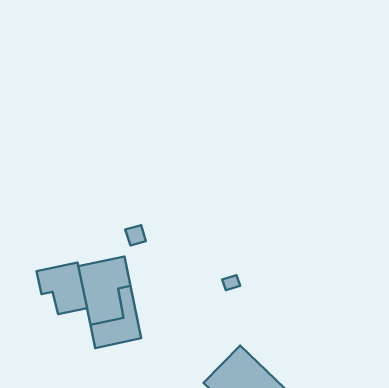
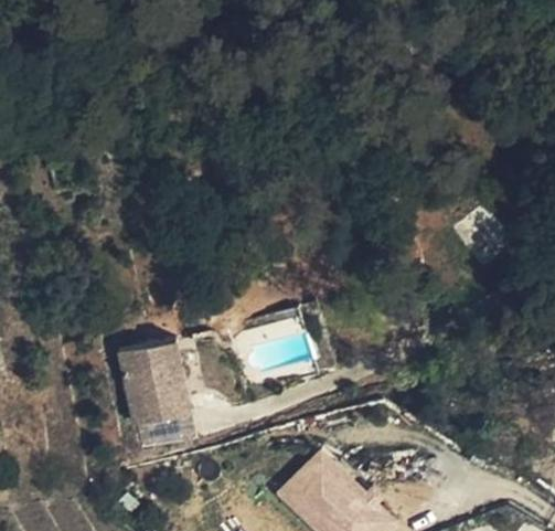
building: [37,262,87,314] -> none

